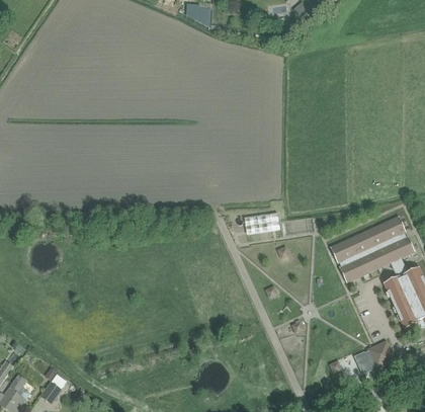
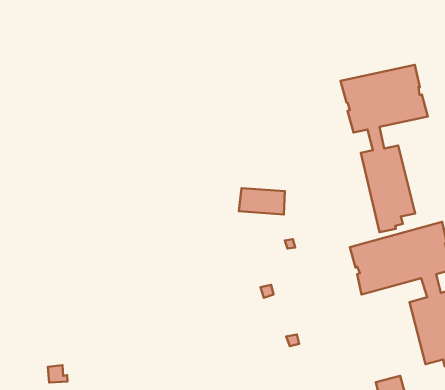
building: none -> [340,65,428,232]

